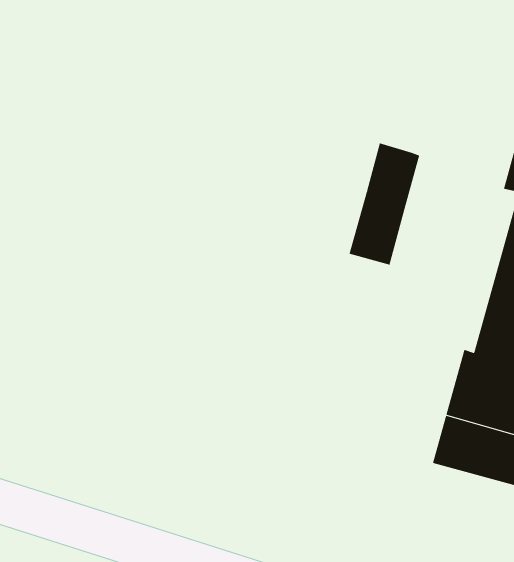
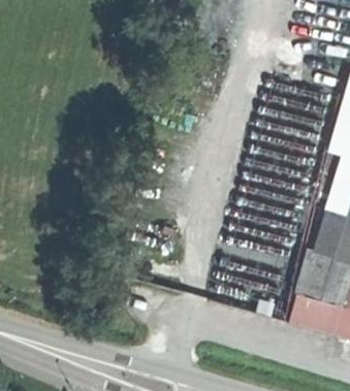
building: [349,143,420,266] -> none

